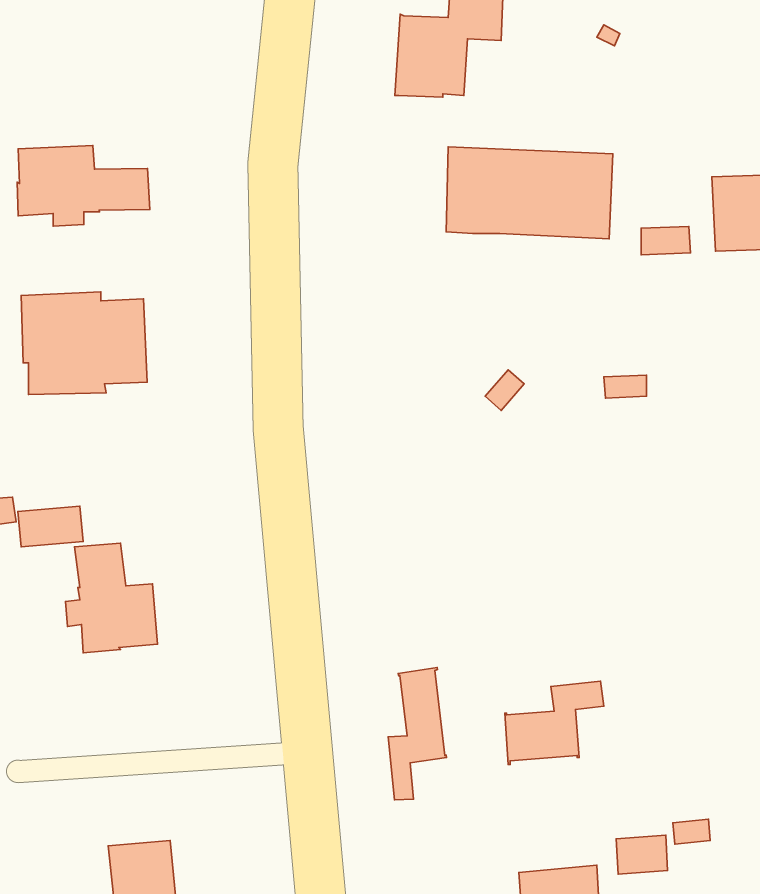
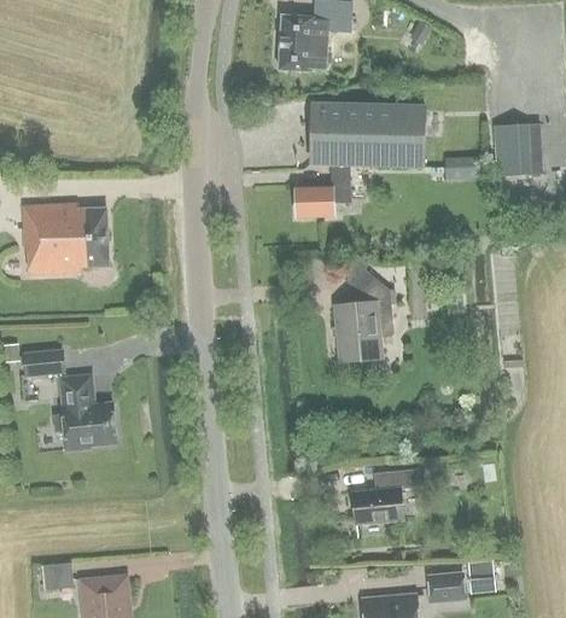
building: [17,146,150,226] -> none
building: none -> [294,163,350,216]
building: none -> [335,275,392,357]
building: [388,667,446,800] -> none
building: none -> [41,562,72,589]

